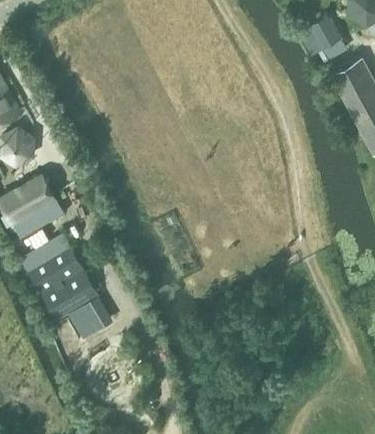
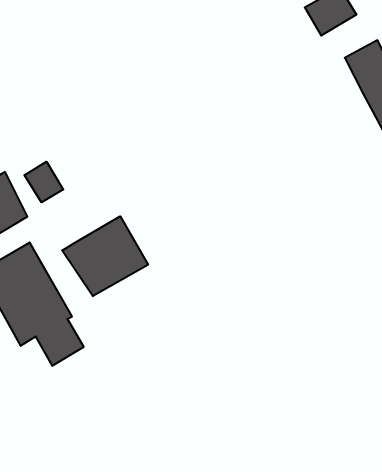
building: none -> [24,162,63,202]
building: none -> [62,216,148,296]

